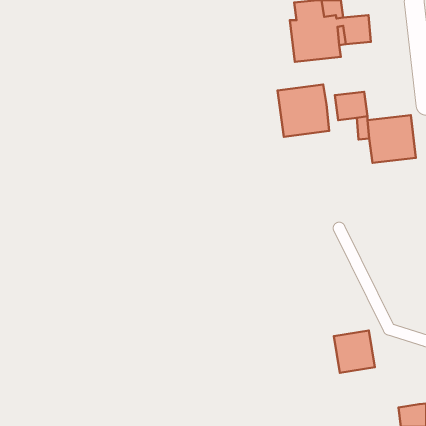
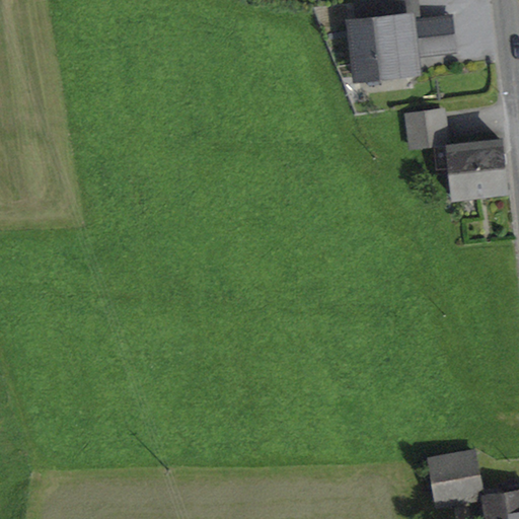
building: [278,85,329,137] -> none
building: [334,330,375,373] -> [432,453,481,505]

